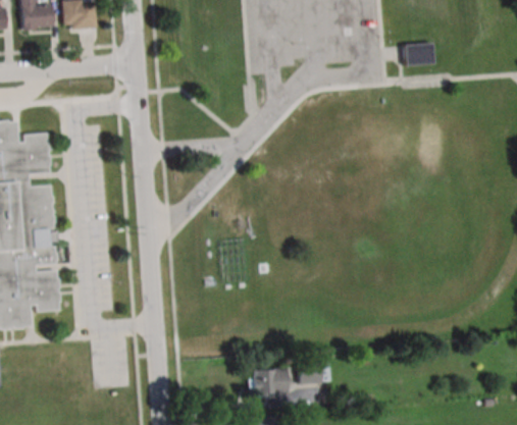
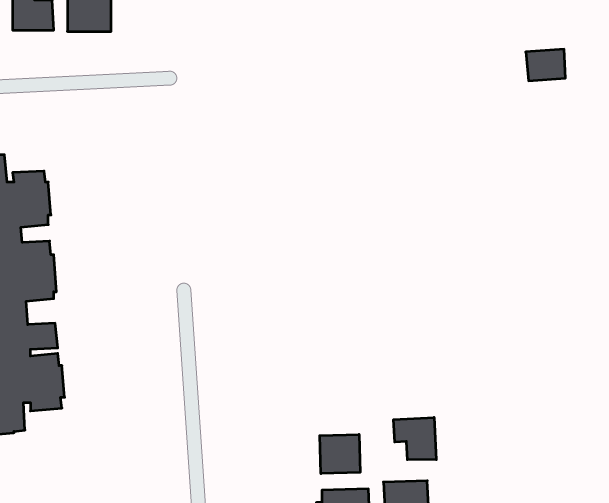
building: none -> [394,417,436,460]
building: none -> [320,434,360,474]

